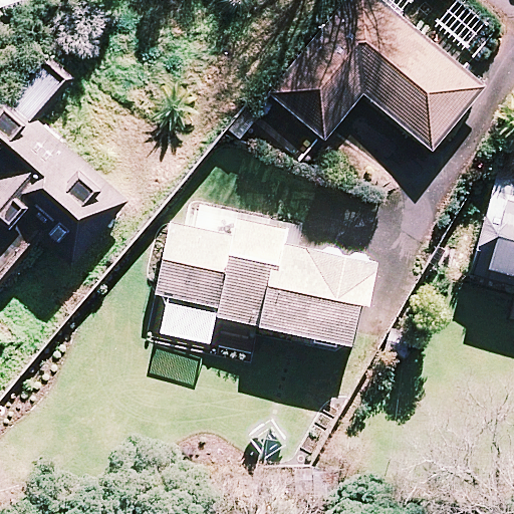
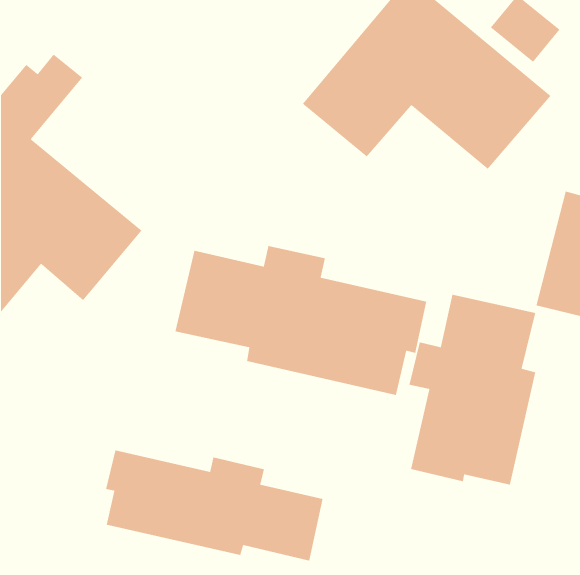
building: none -> [409,294,536,485]
building: none -> [105,450,323,561]

